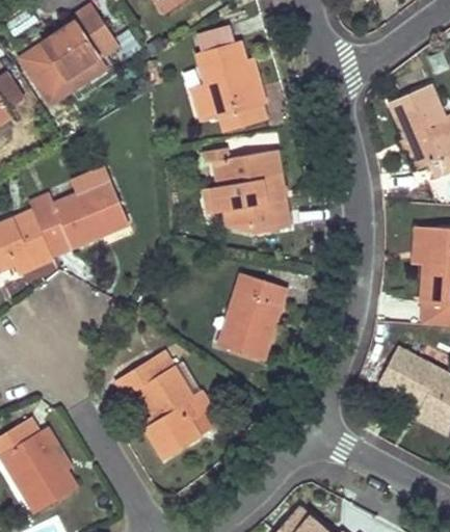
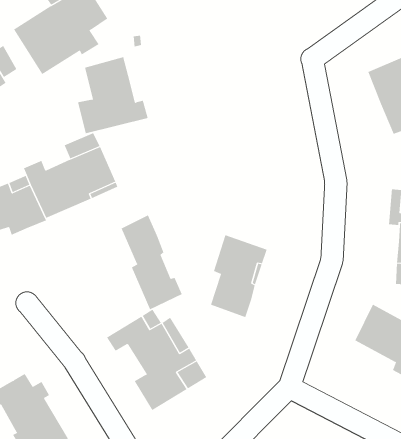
building: [190,41,265,122] -> [77,57,149,134]
building: [212,150,289,233] -> none
building: none -> [121,215,183,310]

